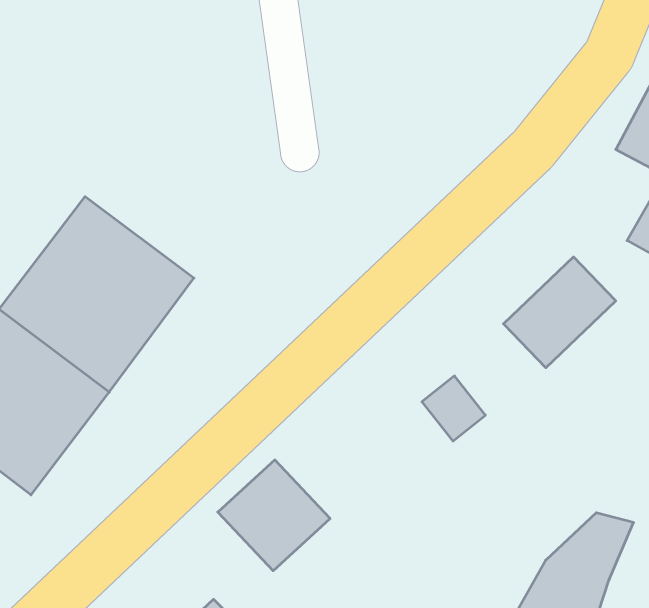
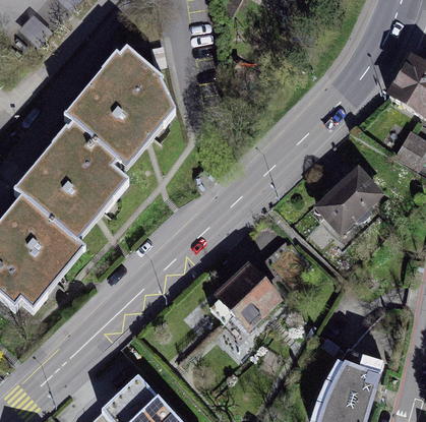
building: none -> [57,54,180,177]
building: [218,460,330,571] -> [219,264,289,334]

